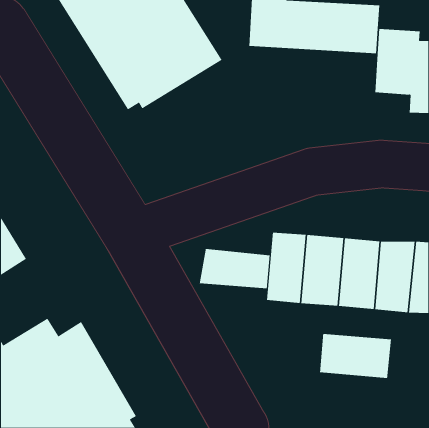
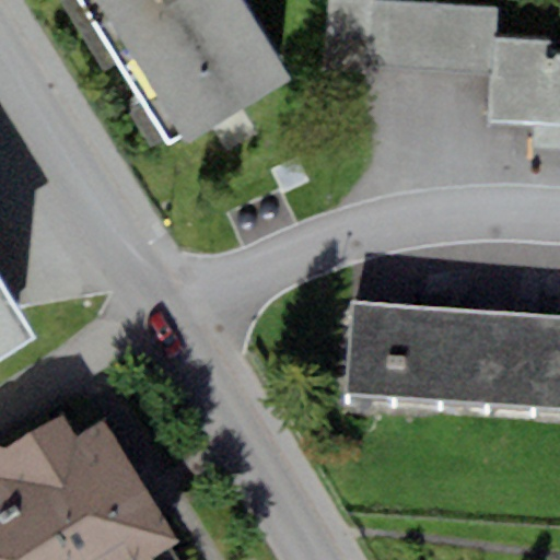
building: [199,248,270,289] -> none
building: [320,333,391,379] -> none

